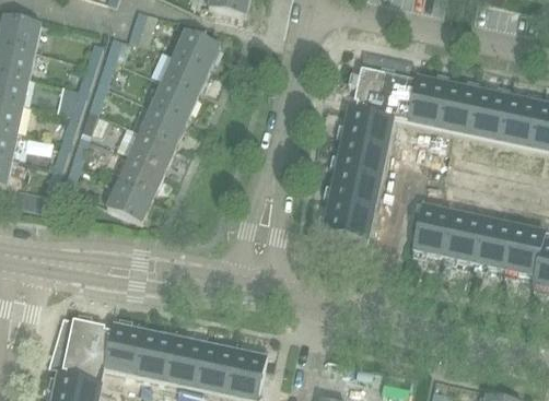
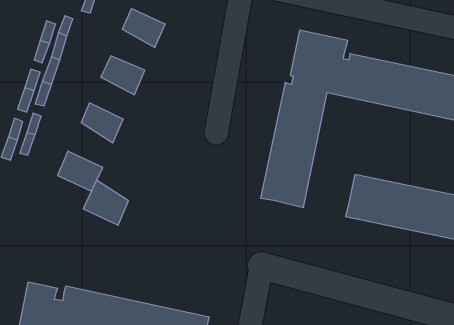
building: [162,49,209,93] -> none
building: [139,101,187,145] -> none
building: [116,149,164,197] -> [83,180,128,225]

